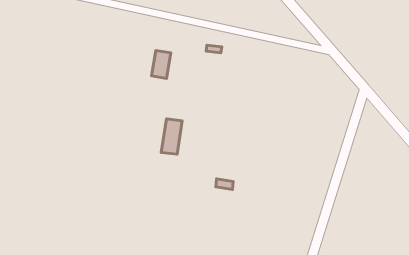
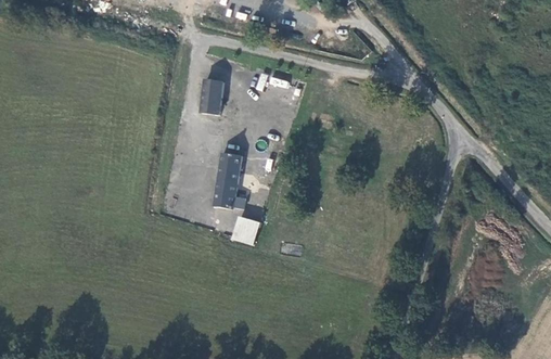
building: none -> [230,214,258,243]

